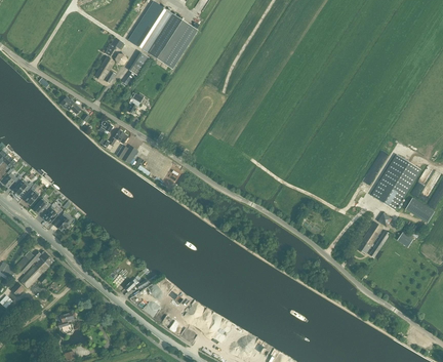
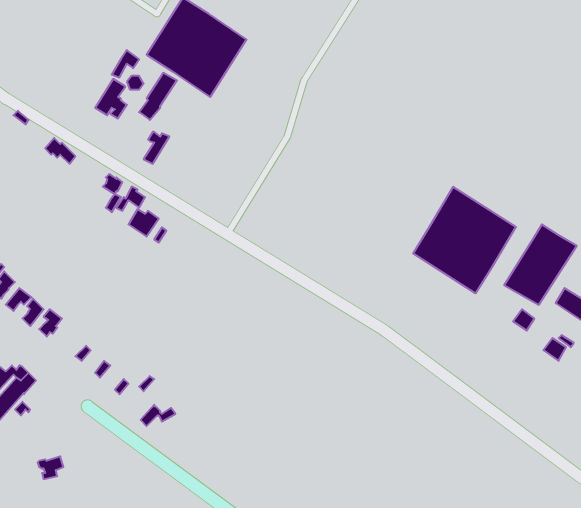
building: none -> [413,187,516,293]
building: [356,222,389,257] -> none

